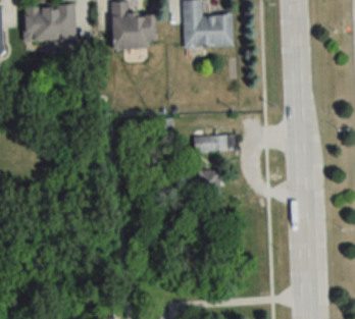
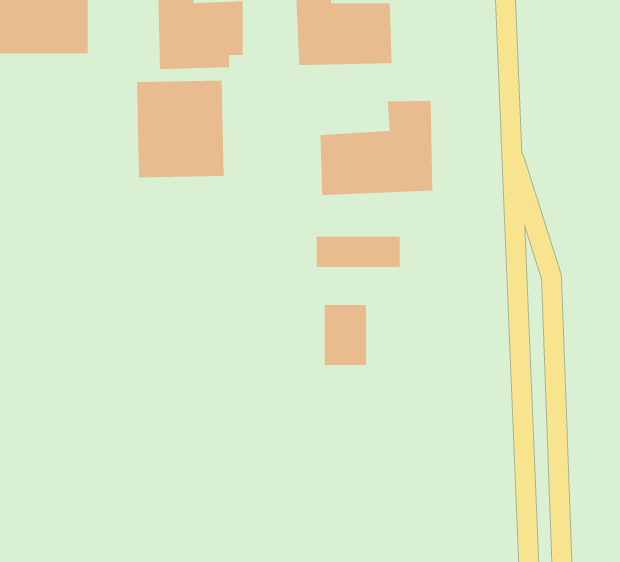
building: none -> [136,80,224,178]
building: none -> [320,100,433,196]

